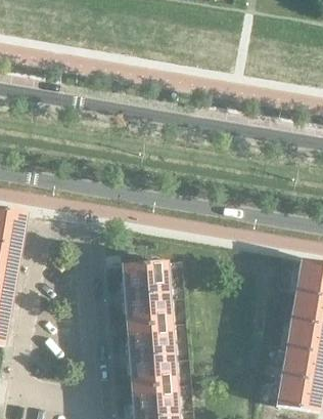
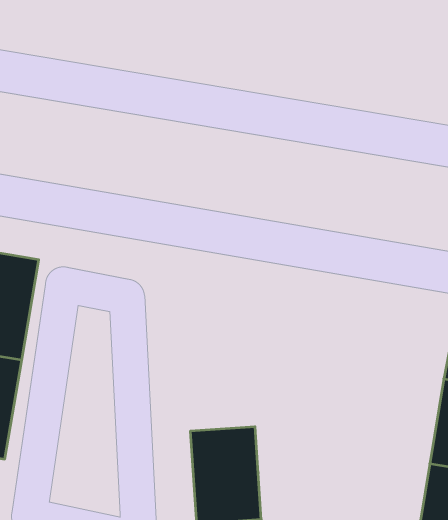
building: [123,260,171,326] -> none

